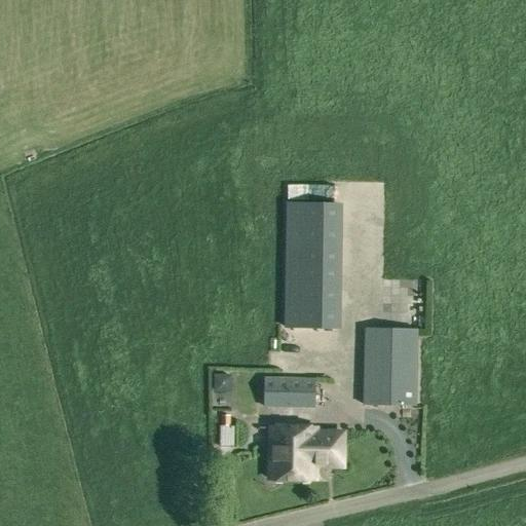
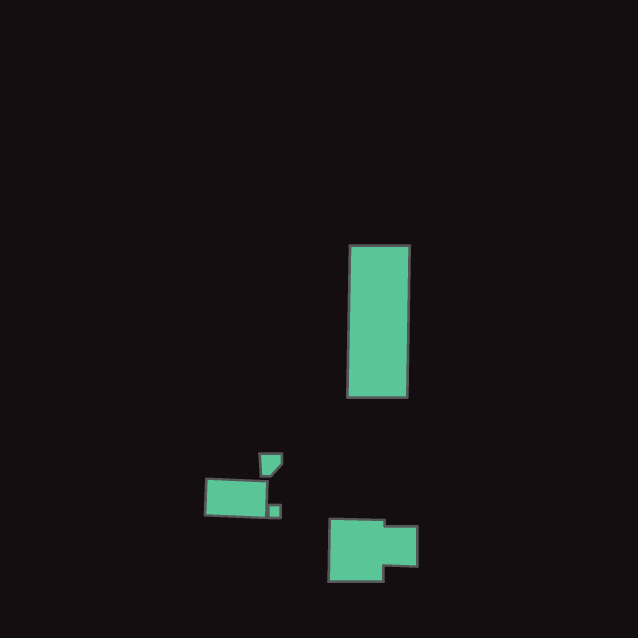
building: [366,327,419,404] -> none
building: [265,375,316,407] -> [205,479,268,518]

